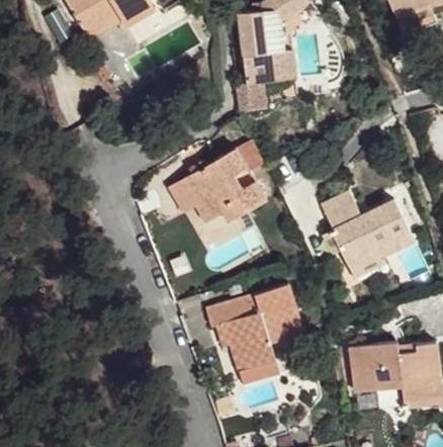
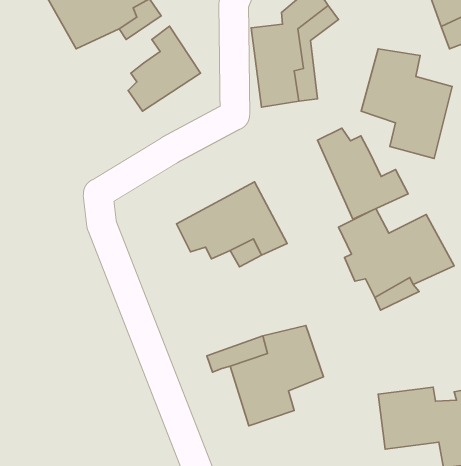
building: none -> [128,26,201,111]
building: none -> [361,49,452,158]
building: none -> [317,128,408,219]

